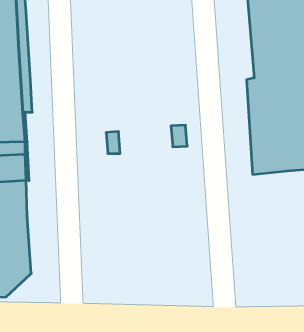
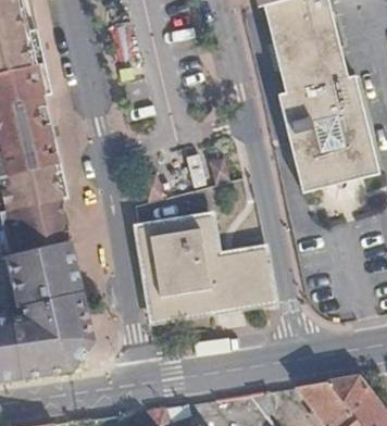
building: none -> [139,218,274,322]

